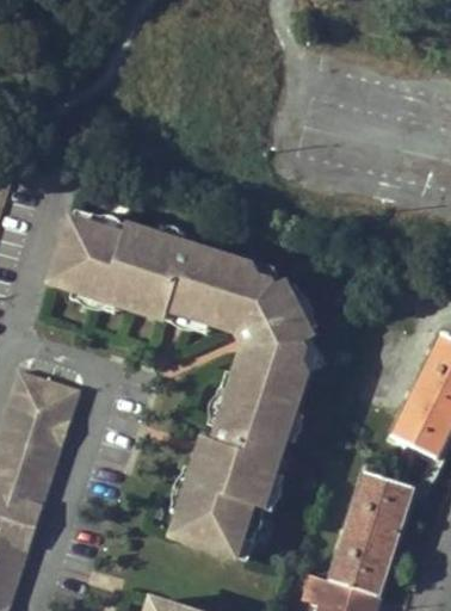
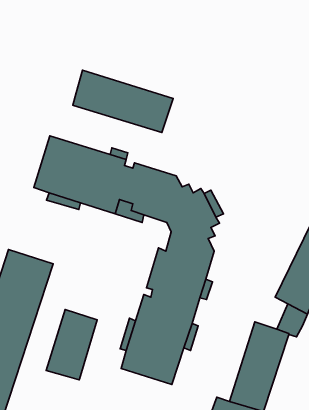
building: none -> [73,70,173,132]
building: none -> [46,309,97,380]

